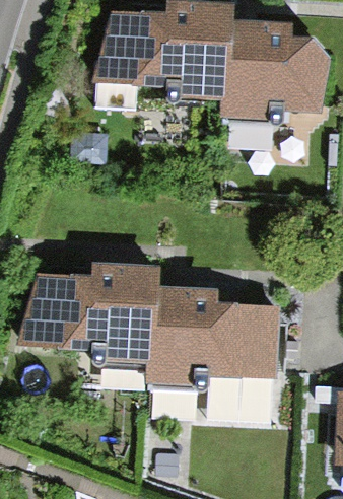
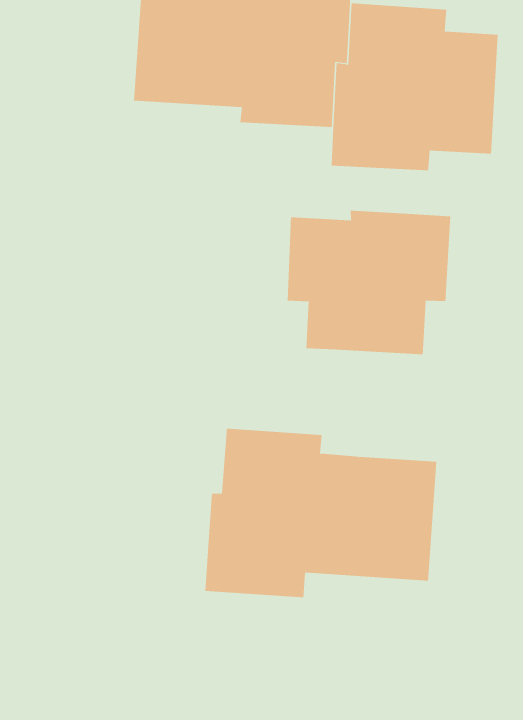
building: none -> [287,210,451,355]
building: [22,257,157,357] -> none

